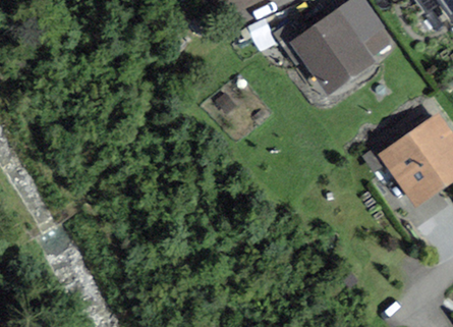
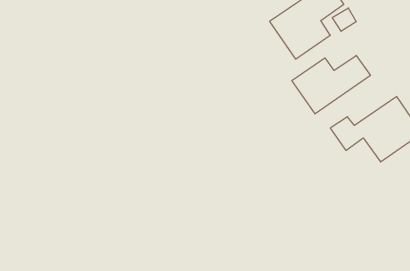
building: none -> [292,55,370,114]

